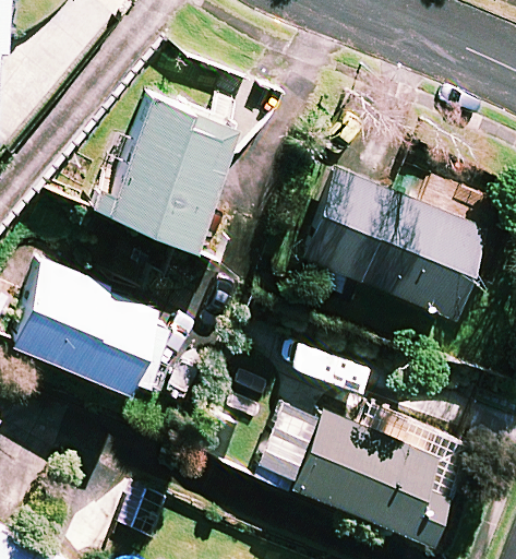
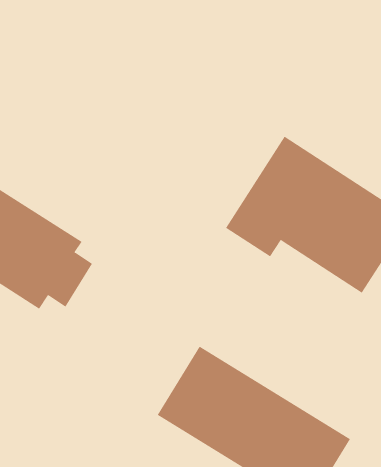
building: [107,95,239,246] -> none

